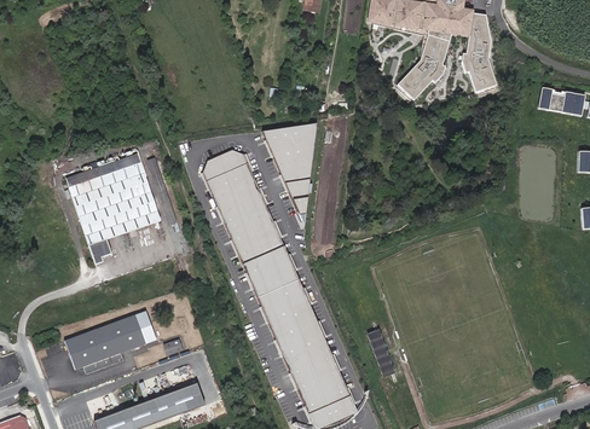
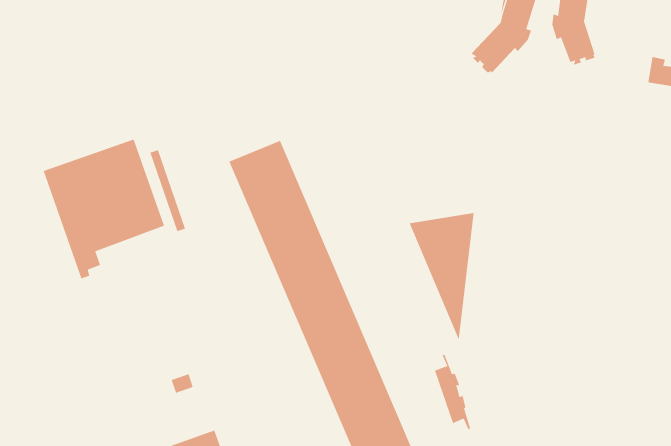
building: [261,122,313,225] -> [409,213,474,342]
building: [68,312,160,375] -> none

